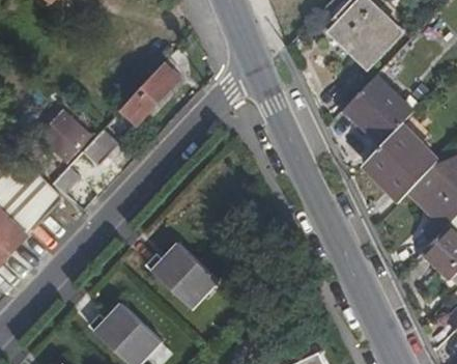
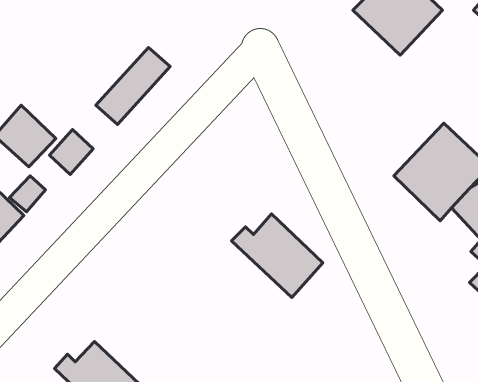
building: [344,78,412,146] -> none
building: [145,241,219,308] -> [232,214,323,297]

